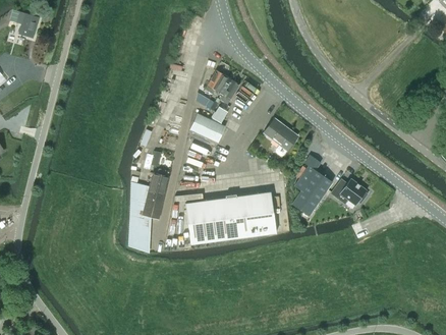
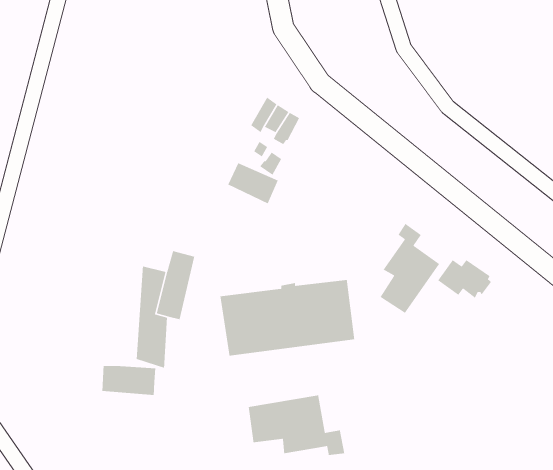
building: [264,118,297,155] -> none
building: none -> [101,365,156,396]
building: none -> [248,395,345,456]

